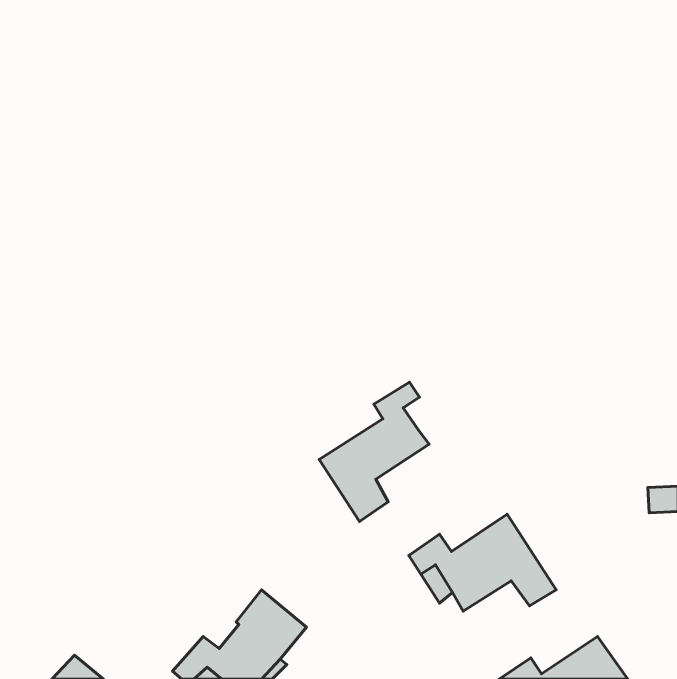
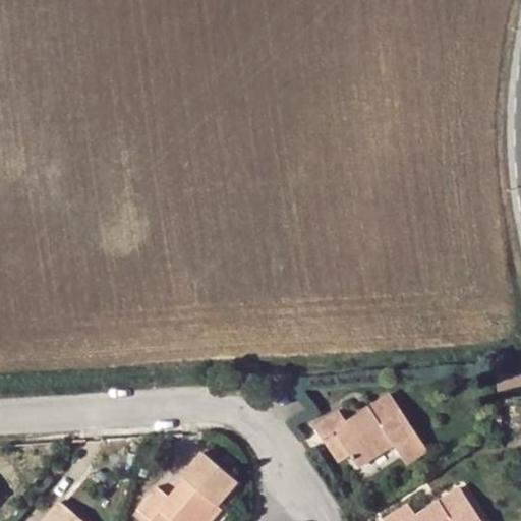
building: [319,382,429,521] -> none

